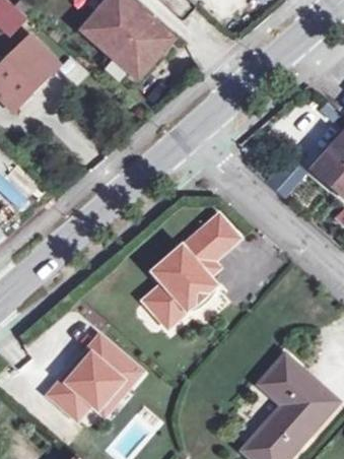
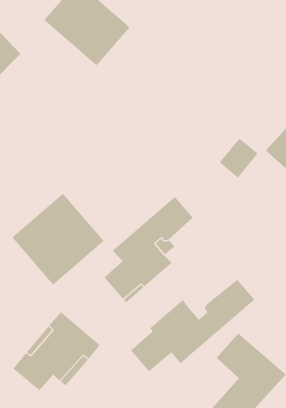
building: none -> [11,193,105,285]
building: none -> [130,279,255,372]

